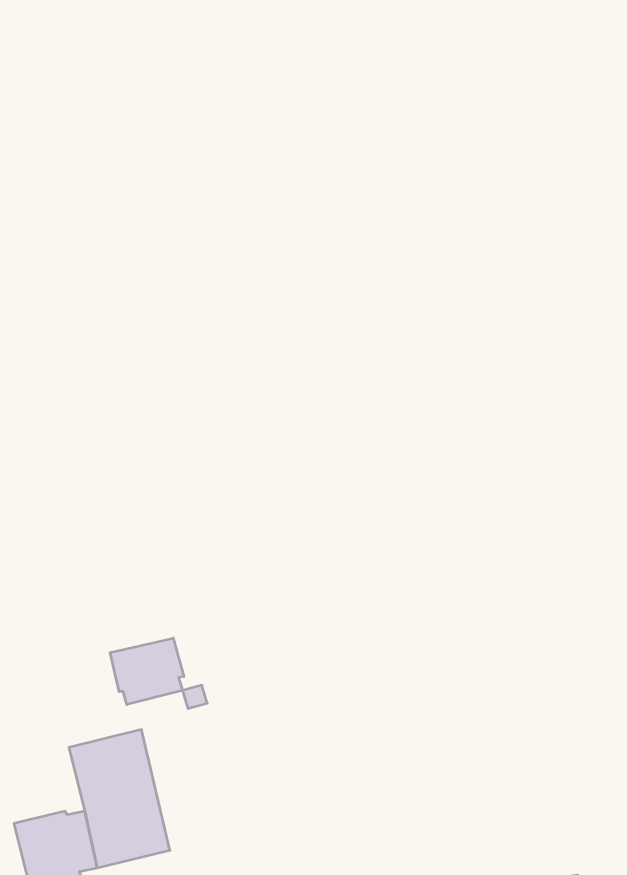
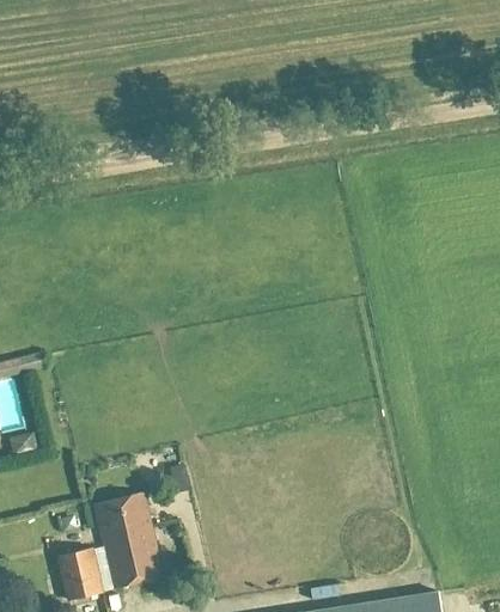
building: [110,638,184,705] -> none

